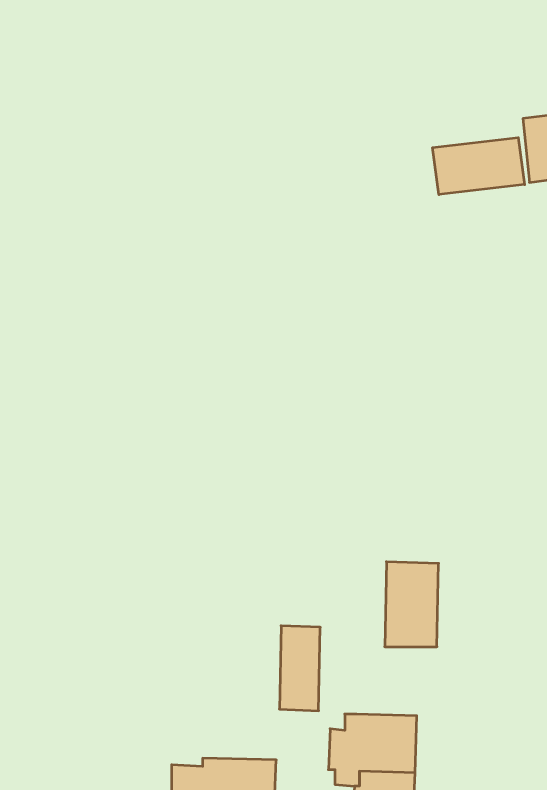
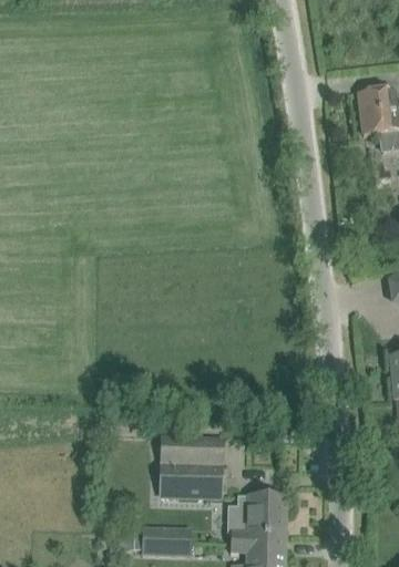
building: [433,138,525,195] -> none
building: [385,562,439,647] -> [158,436,195,494]

